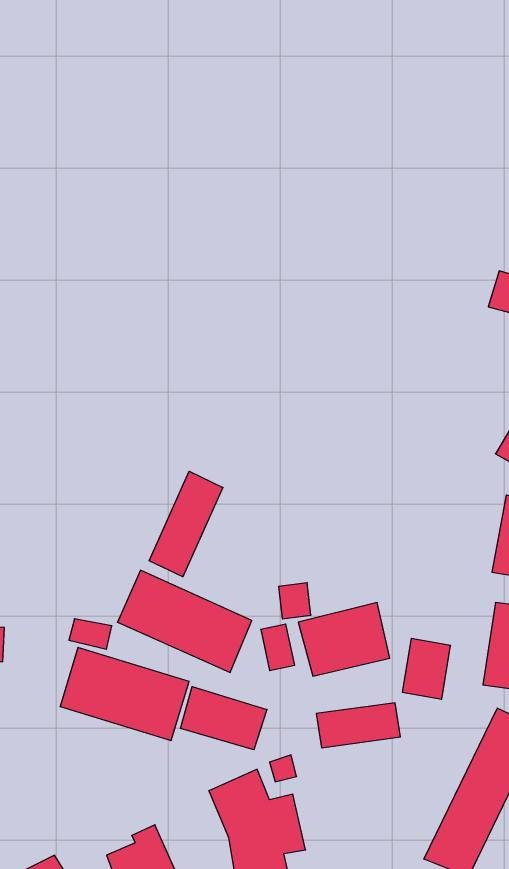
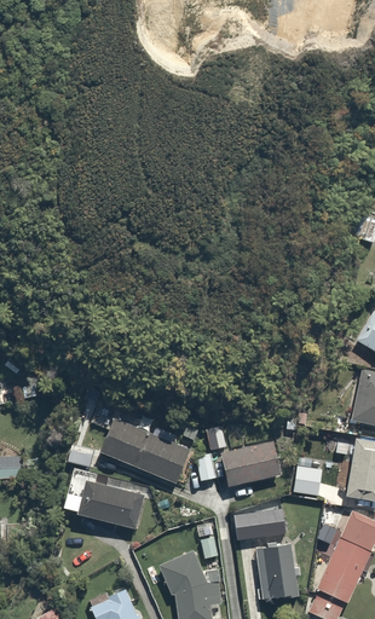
building: [149,471,223,577] -> none
building: [181,687,267,750] -> none
building: none -> [255,543,296,597]

